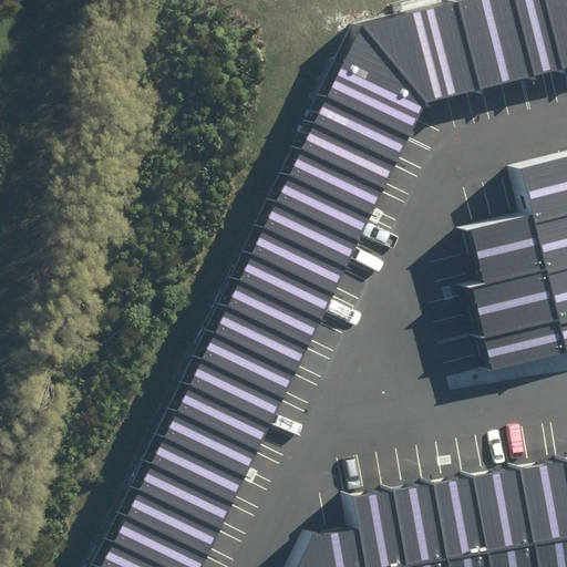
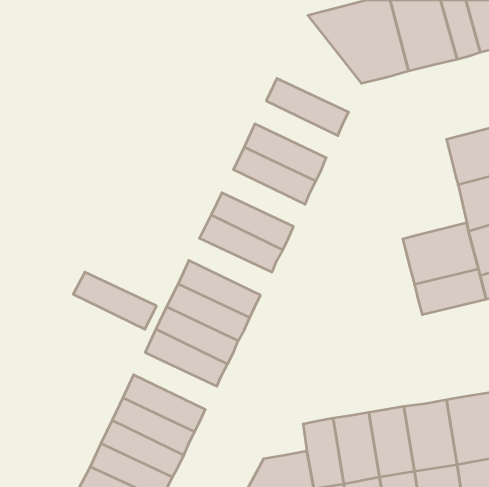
building: [323,27,420,137] -> none
building: [298,124,393,189] -> none
building: [260,203,355,268] -> none
building: [466,213,540,279] -> none
building: [223,281,318,347] -> none
building: [159,412,255,477] -> [73,272,156,329]

